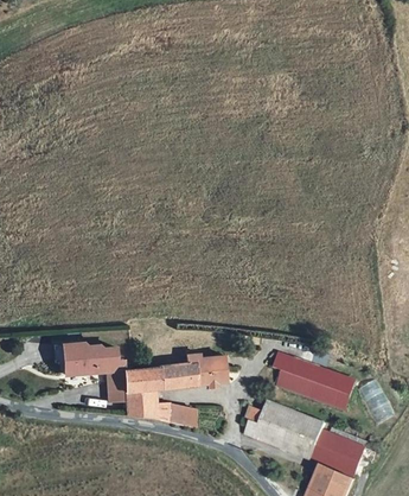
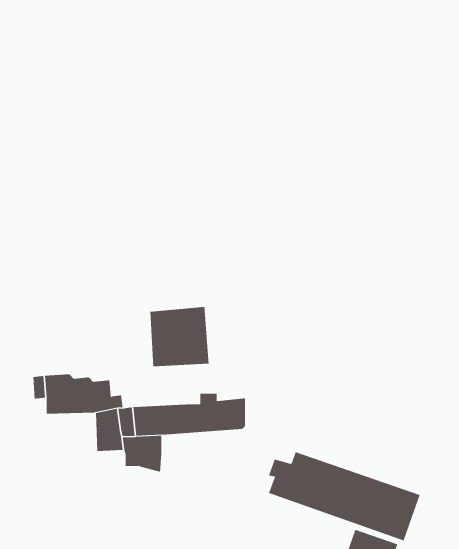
building: none -> [150,306,209,367]
building: [277,358,357,409] -> none
building: [158,403,199,428] -> none

